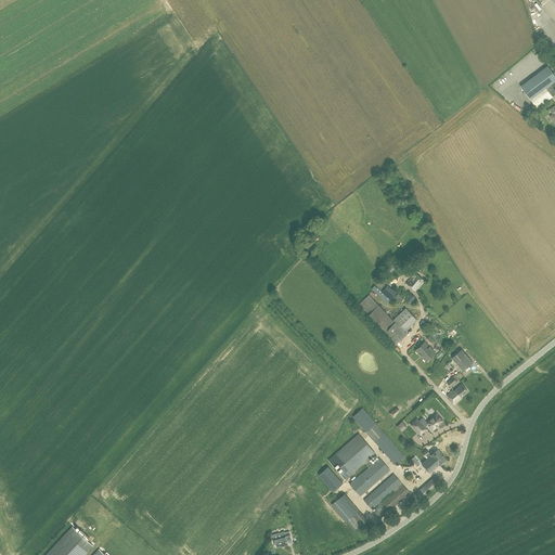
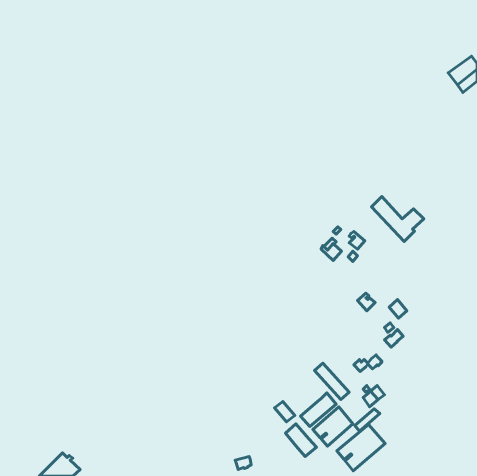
building: [357,293,417,345] -> [371,197,424,241]
building: [328,434,375,478] -> none
building: none -> [337,425,385,471]

